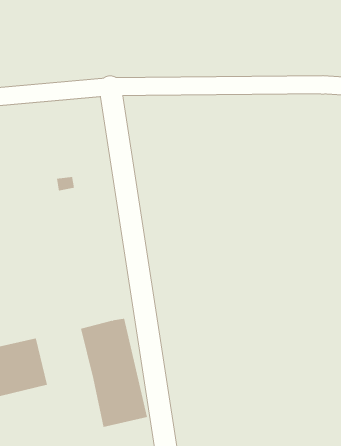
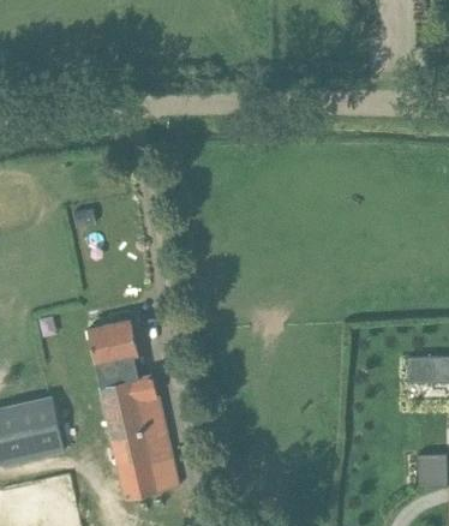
building: none -> [88,319,138,387]

